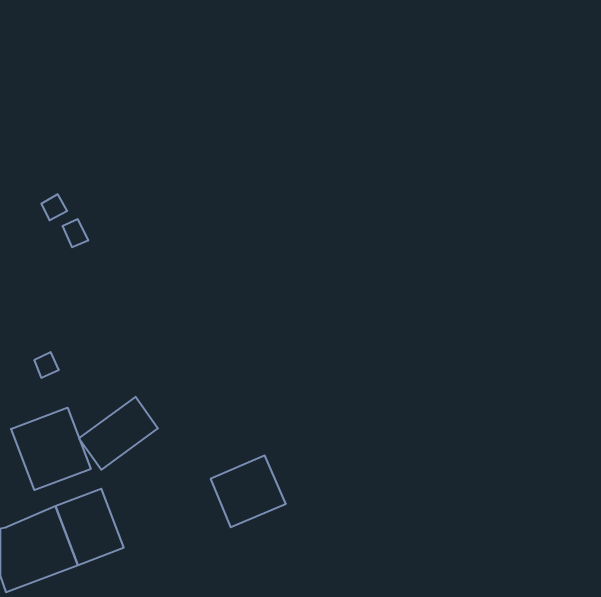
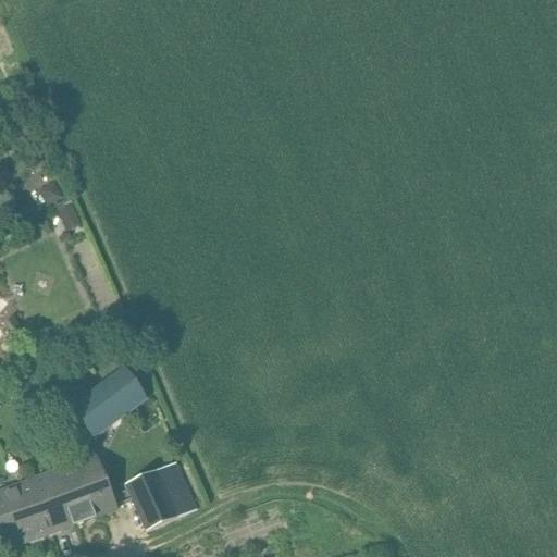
building: [11,408,91,490] -> none
building: [211,455,286,527] -> [126,460,196,527]

